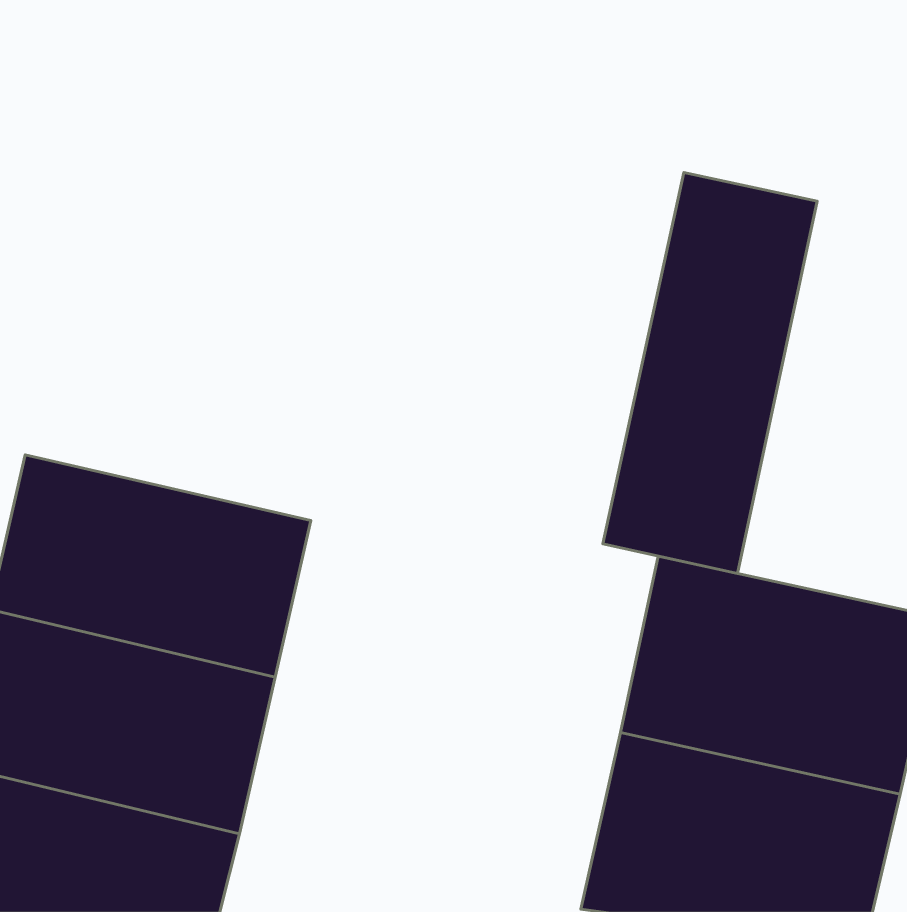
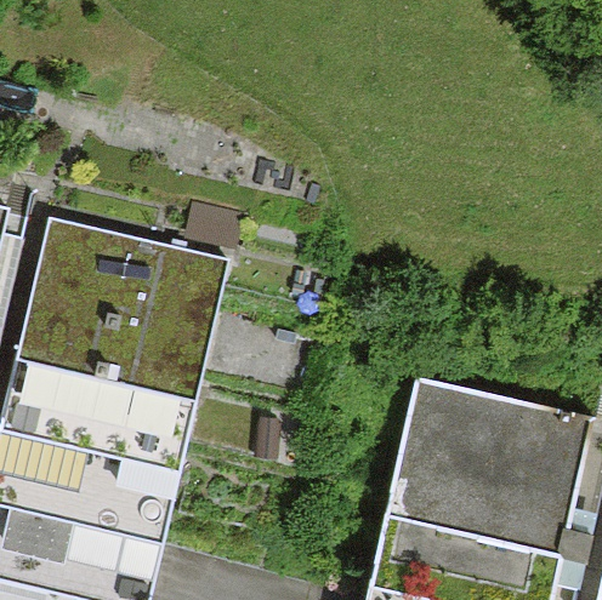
building: [603,173,817,573] -> none
building: none -> [28,219,226,355]

